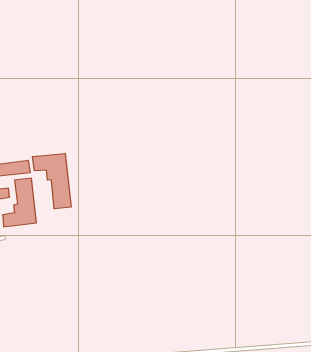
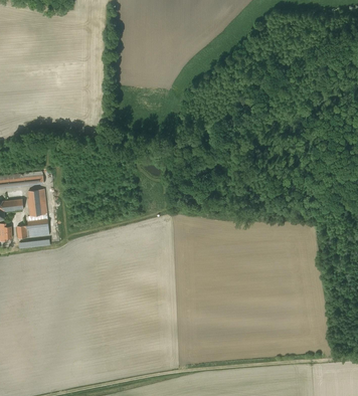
building: [32,153,71,209] -> none

